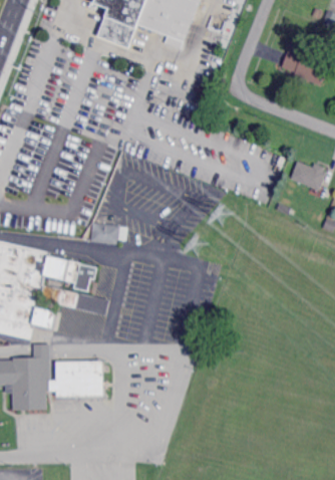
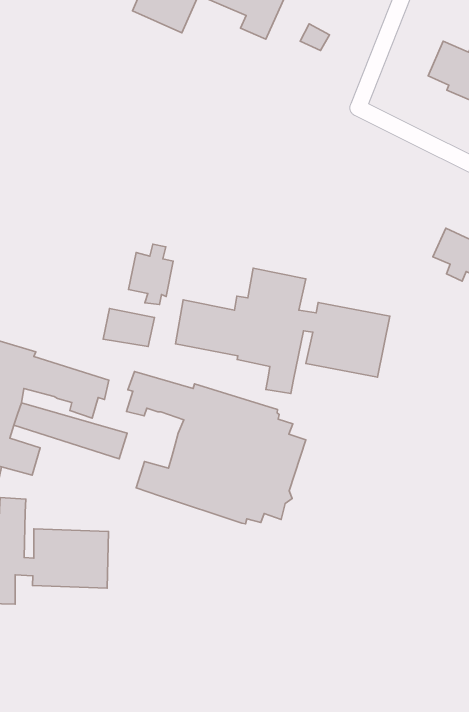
building: none -> [129,244,173,305]
building: none -> [175,268,390,394]
building: none -> [126,372,306,524]

